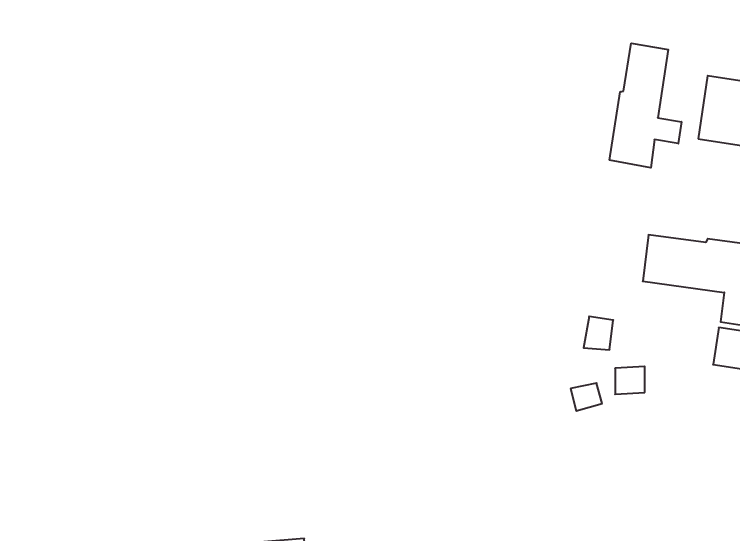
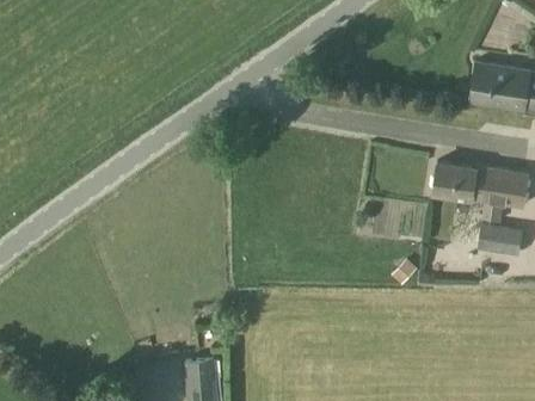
building: [610,43,681,168] -> none

